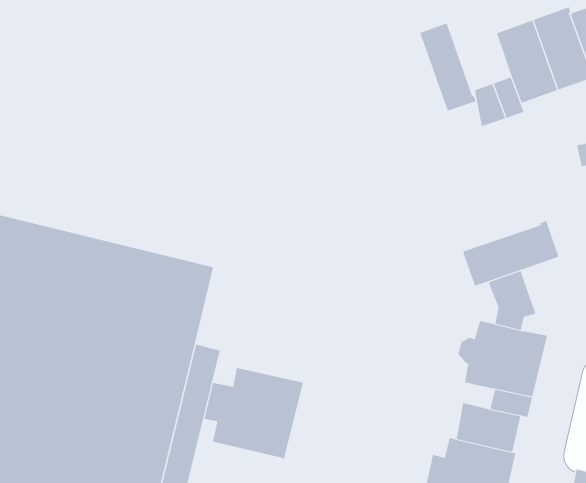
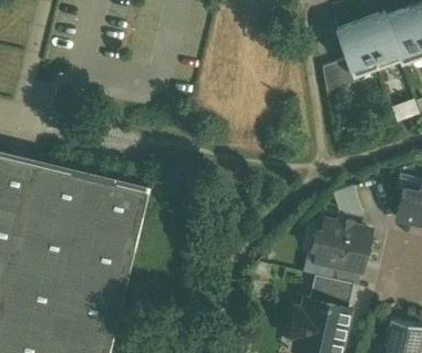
building: [419,23,476,112] -> none
building: [463,220,559,286] -> none
building: [204,367,304,460] -> none

